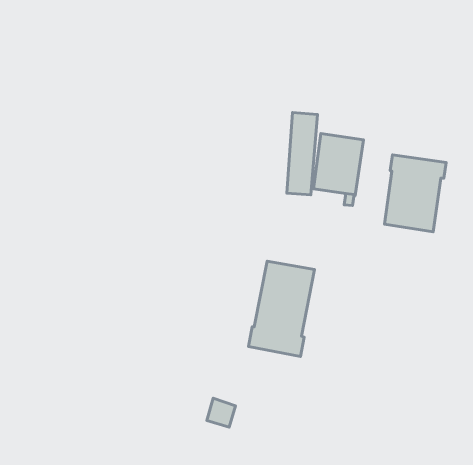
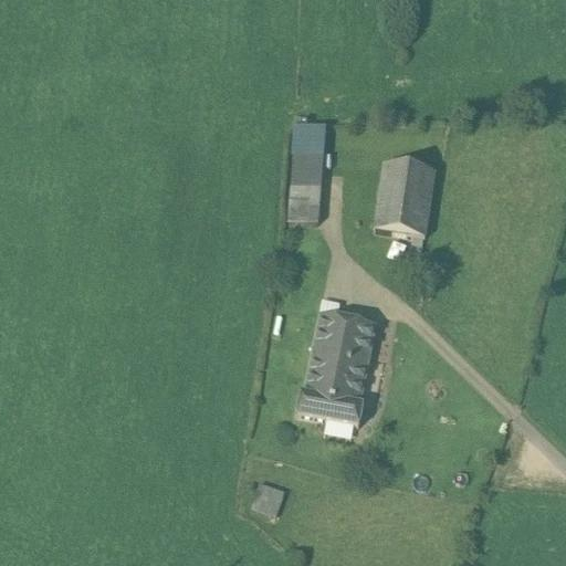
building: [287,112,317,195] -> [290,120,326,219]
building: [384,155,446,232] -> none

